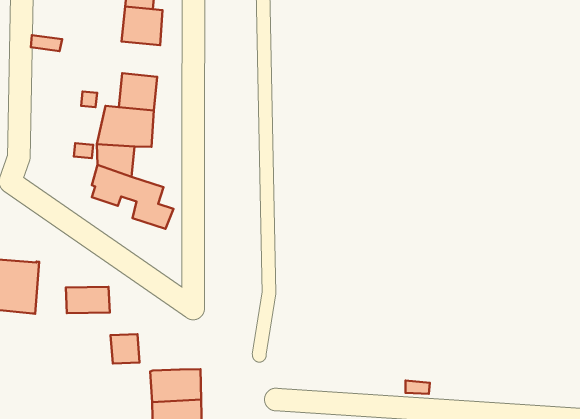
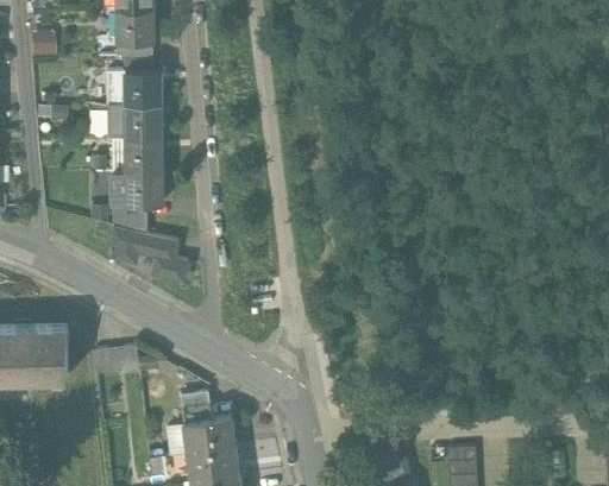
building: none -> [106,102,161,133]
building: [111,334,140,364] -> [180,389,211,419]

